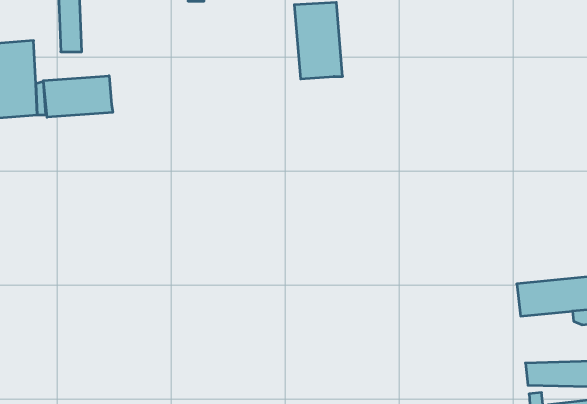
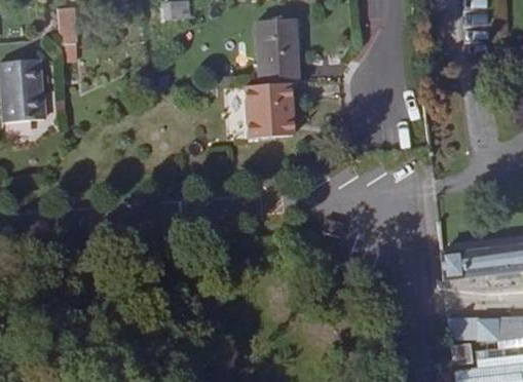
building: [43,76,113,117] -> none
building: none -> [245,82,293,138]

